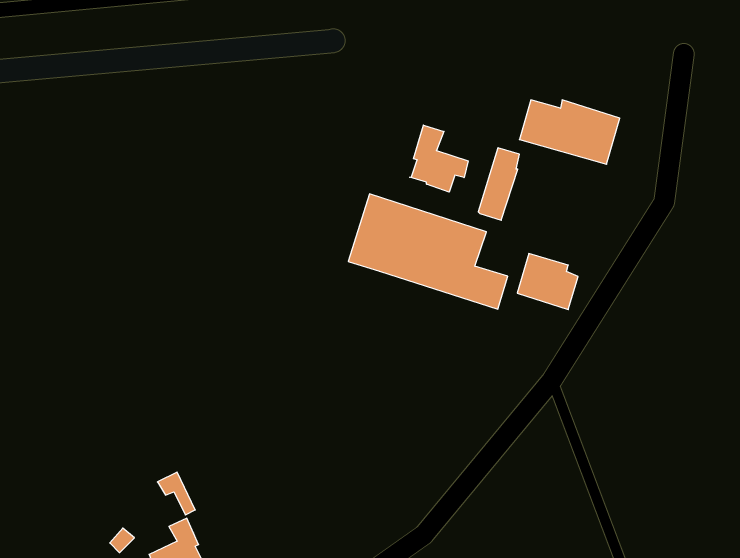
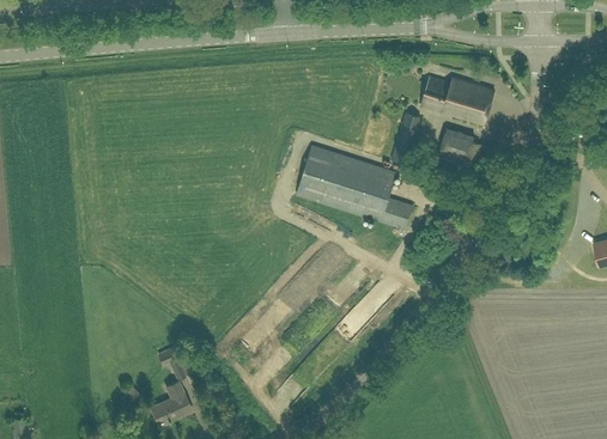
building: [410,125,468,192] -> none
building: [517,254,578,310] -> [438,128,482,169]

